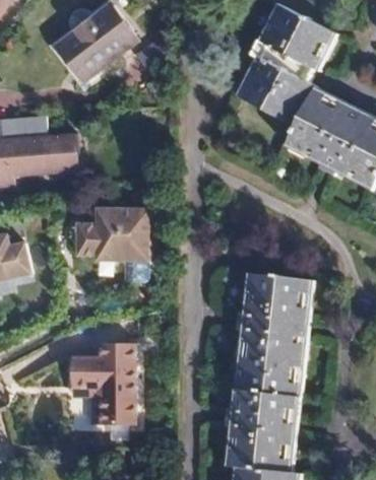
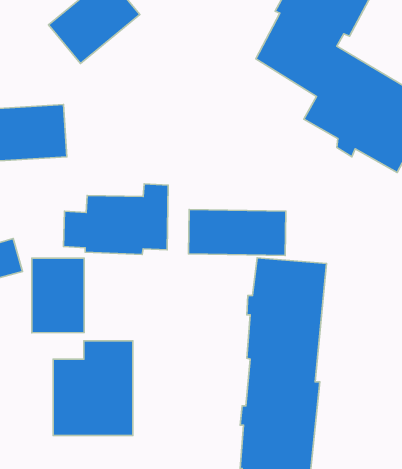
building: none -> [188,210,286,255]
building: none -> [32,258,84,333]

